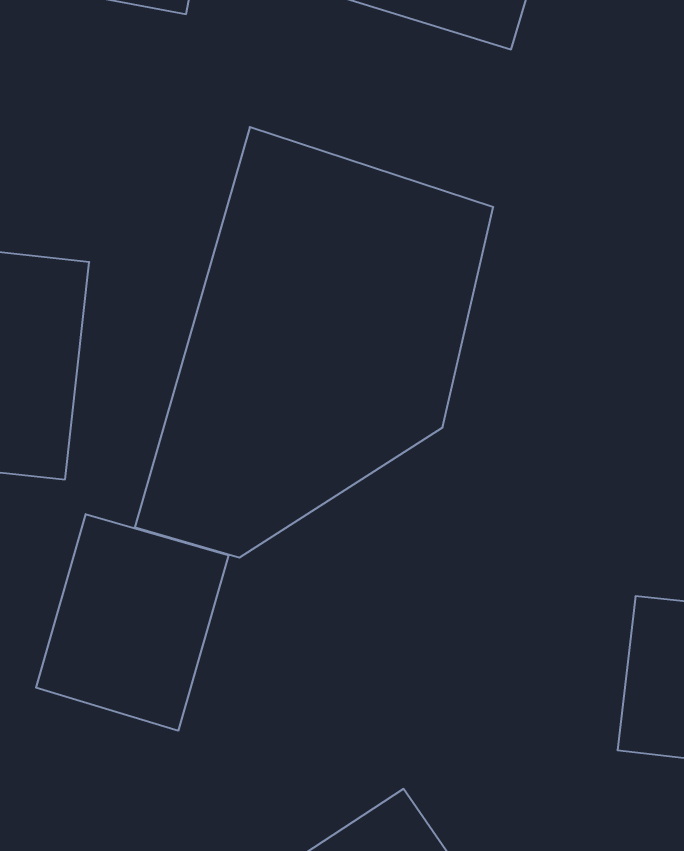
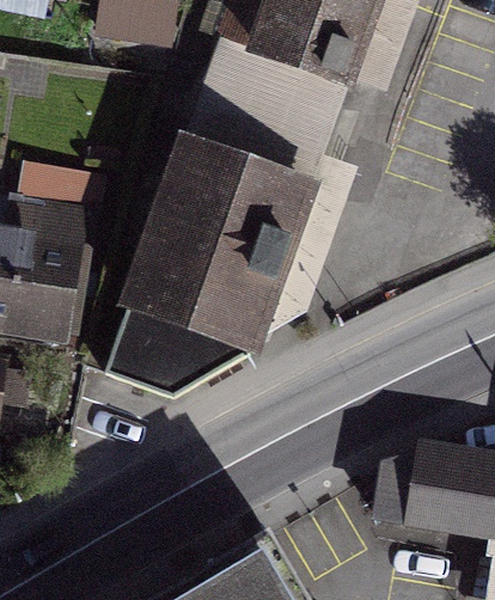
building: [36,514,229,731] -> none

